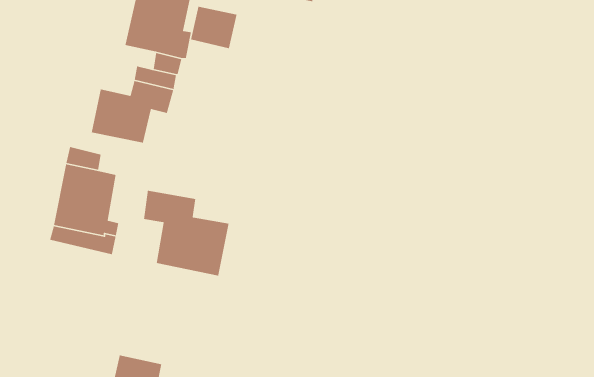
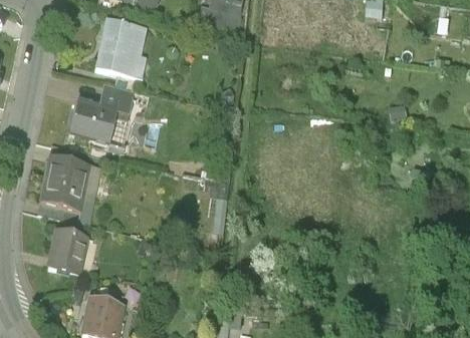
building: [190,6,238,49] -> none
building: [143,190,229,277] -> none
building: none -> [50,229,88,274]

